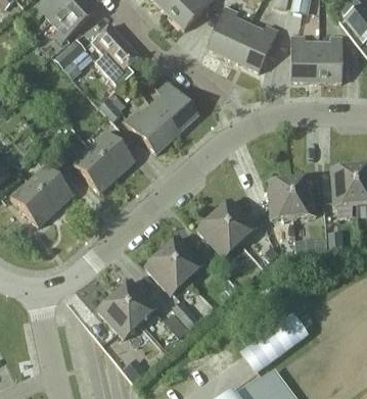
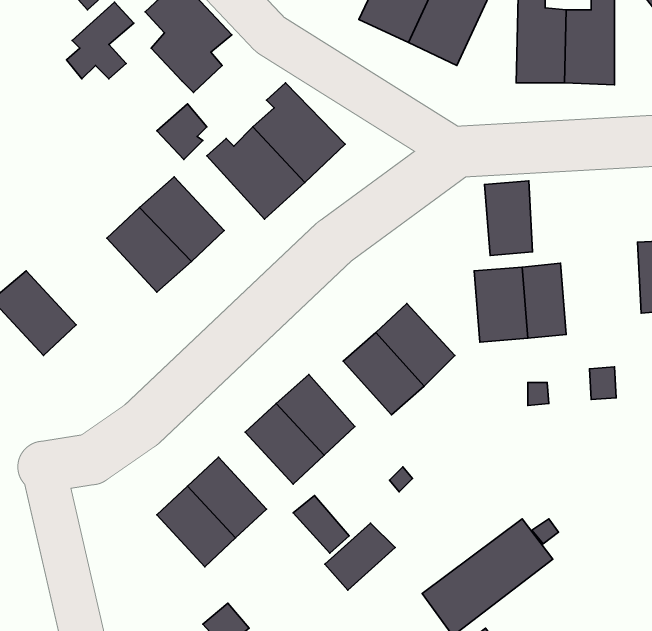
building: [29,164,73,209] -> none
building: [330,165,356,205] -> [484,181,533,256]
building: none -> [325,523,395,590]

